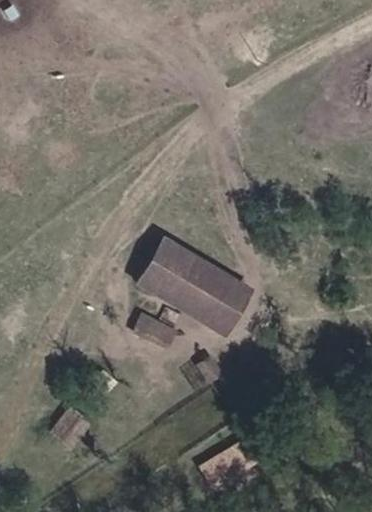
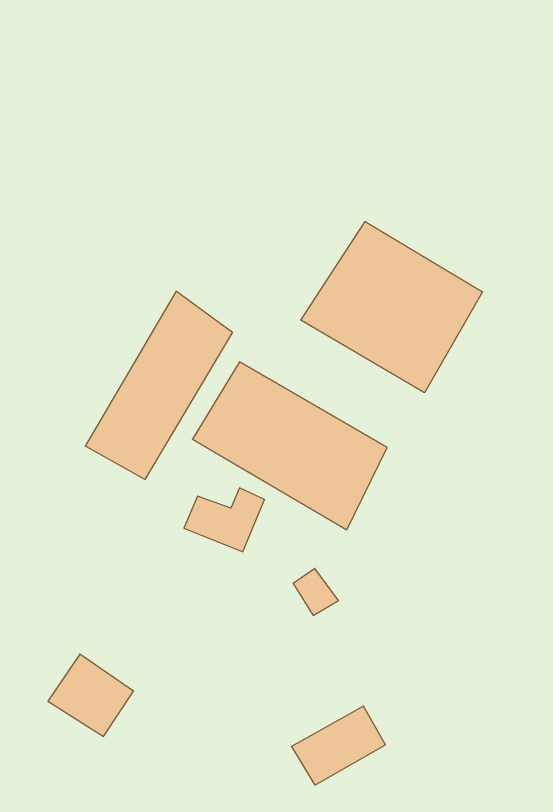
building: none -> [301,222,482,393]
building: none -> [85,291,232,480]

